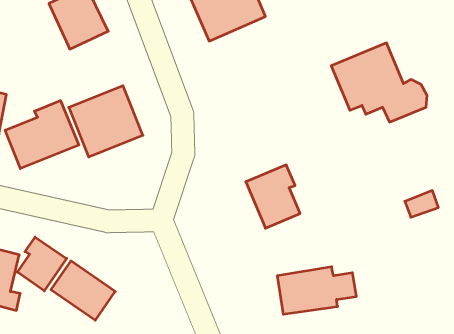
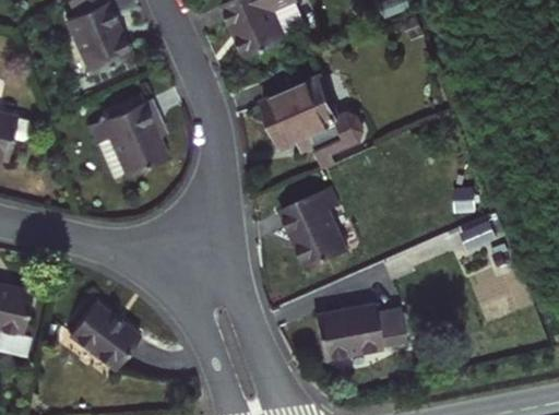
building: [331,43,427,122] -> [259,72,365,159]
building: [5,101,79,169] -> none
building: [17,237,67,291] -> none

